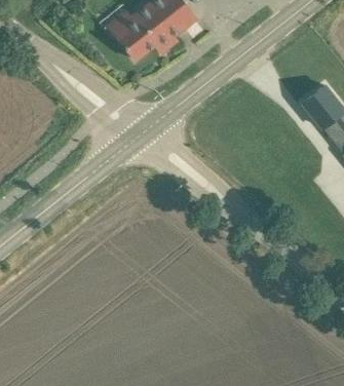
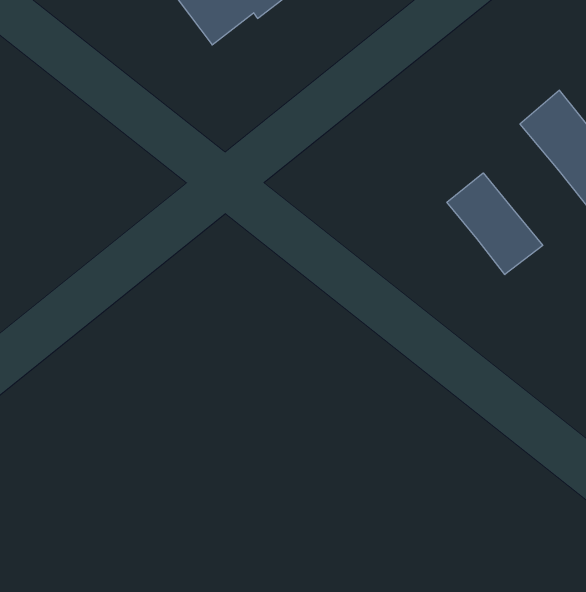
building: none -> [447,173,543,275]

